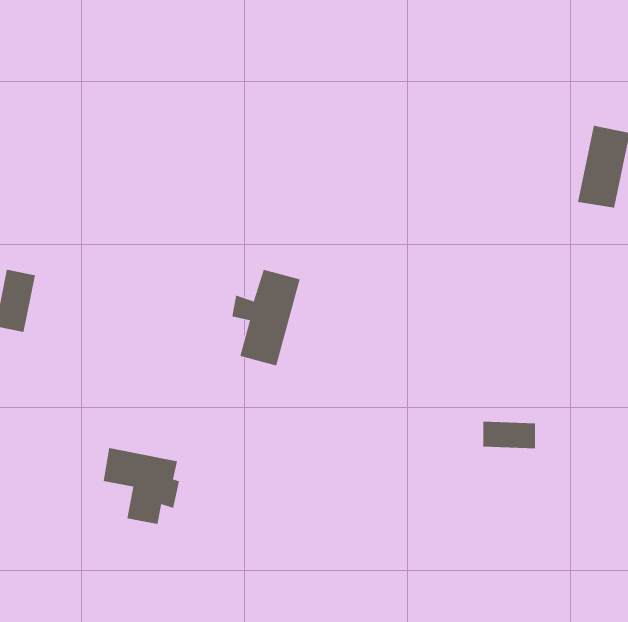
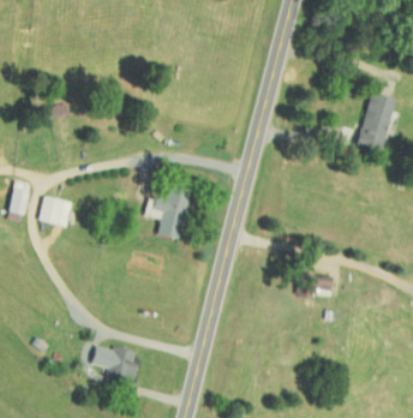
building: none -> [40,196,73,227]
building: [103,447,180,524] -> [91,344,138,390]

